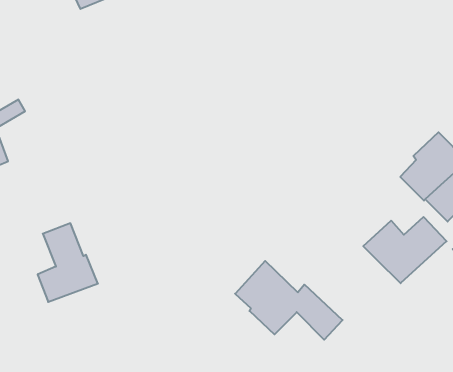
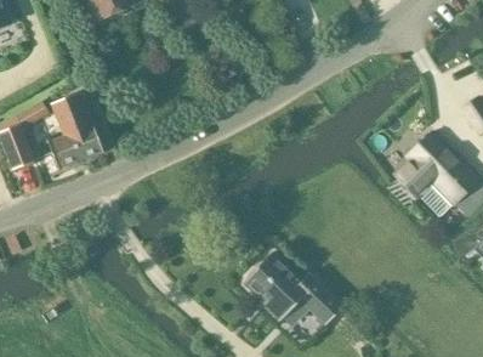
building: [363,217,447,283] -> none
building: [38,223,98,302] -> [49,96,104,169]

